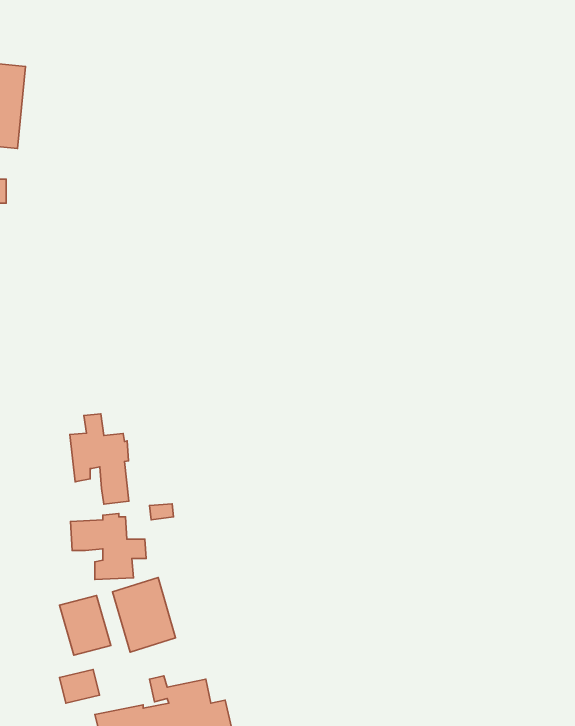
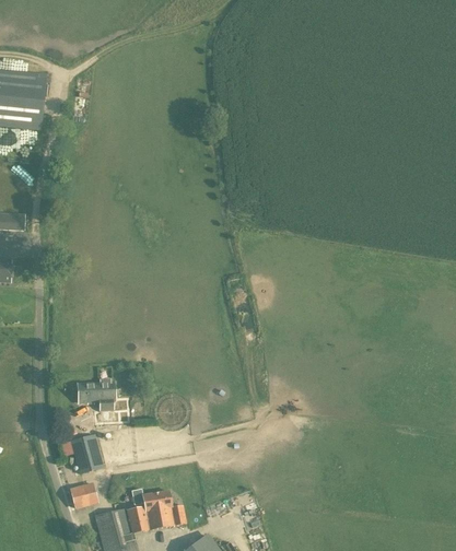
building: [70,414,129,504] -> none
building: [112,577,176,652] -> none

